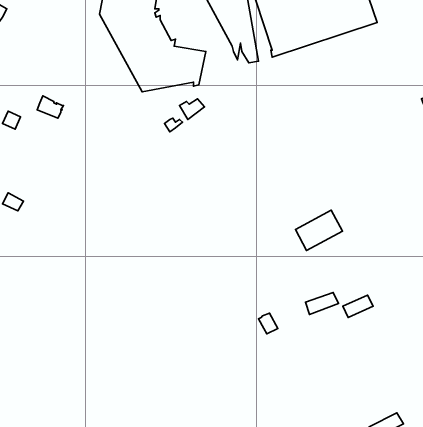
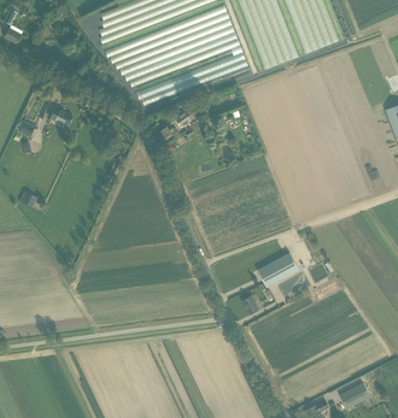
building: [295,210,342,250] -> [257,247,298,282]

